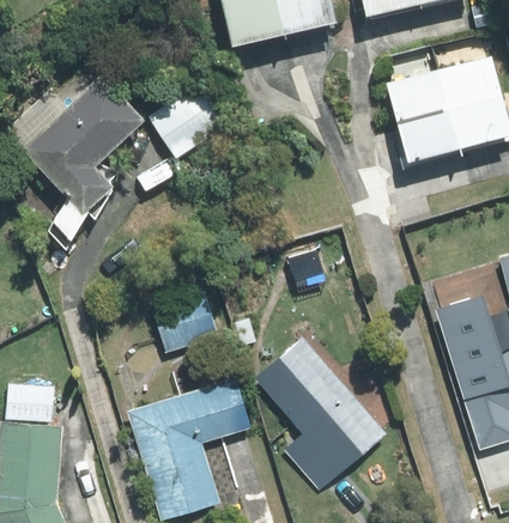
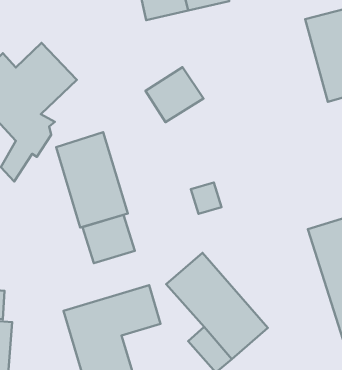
building: [386,44,460,163] -> none
building: [150,87,223,157] -> [145,67,203,122]
building: none -> [56,132,128,227]

